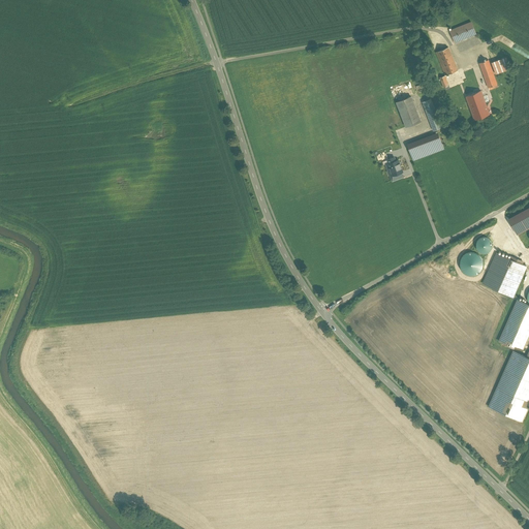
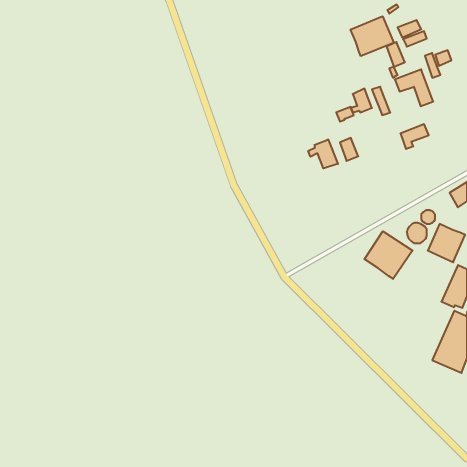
building: none -> [351,16,394,56]
building: [409,136,441,164] -> [400,124,429,149]
building: none -> [308,139,338,168]
building: none -> [364,231,413,279]

